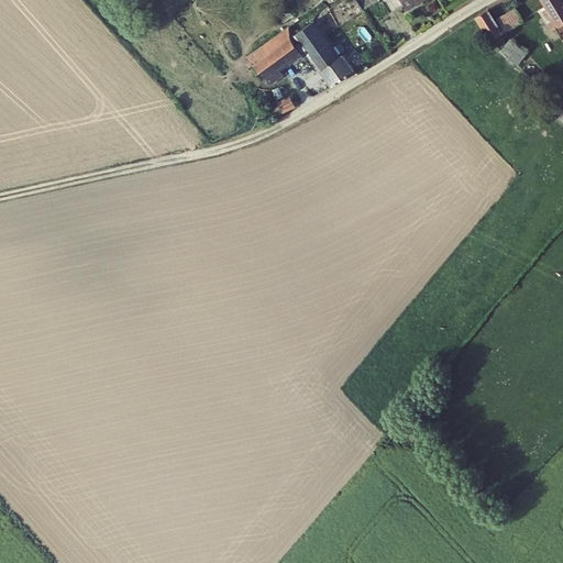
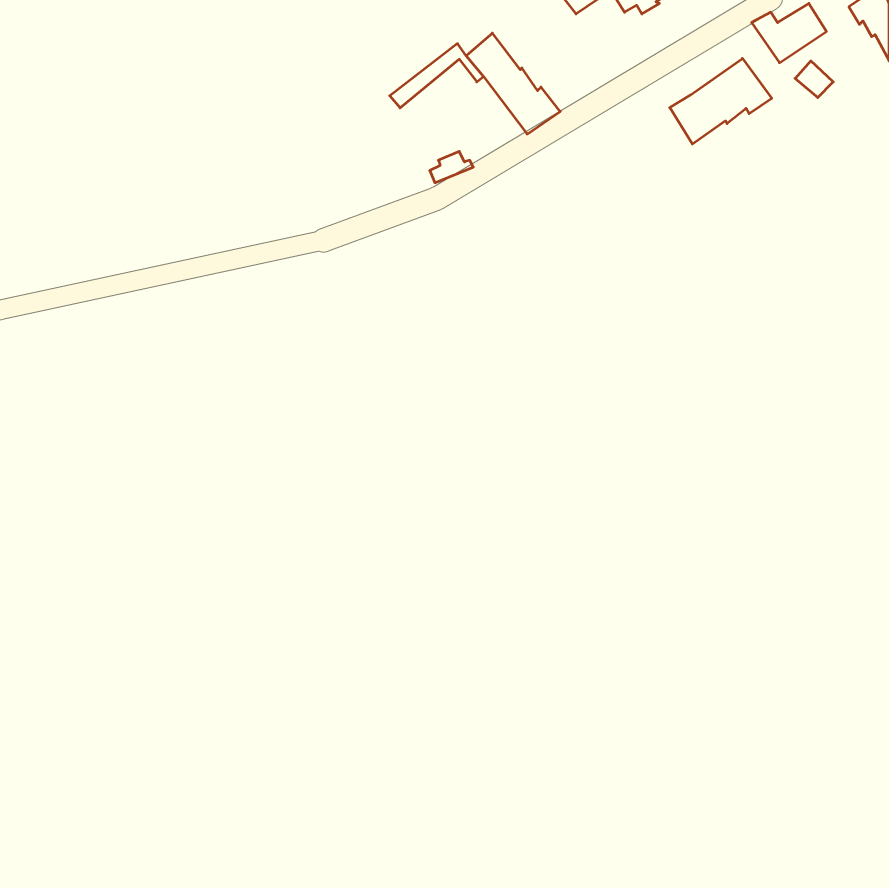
building: none -> [670,58,772,144]
building: [253,37,301,82] -> none

